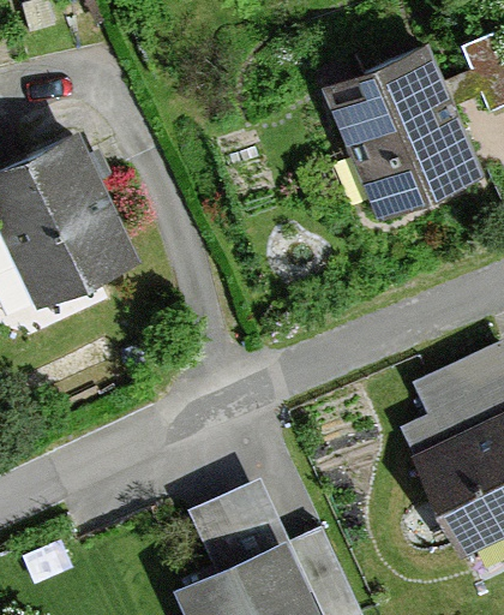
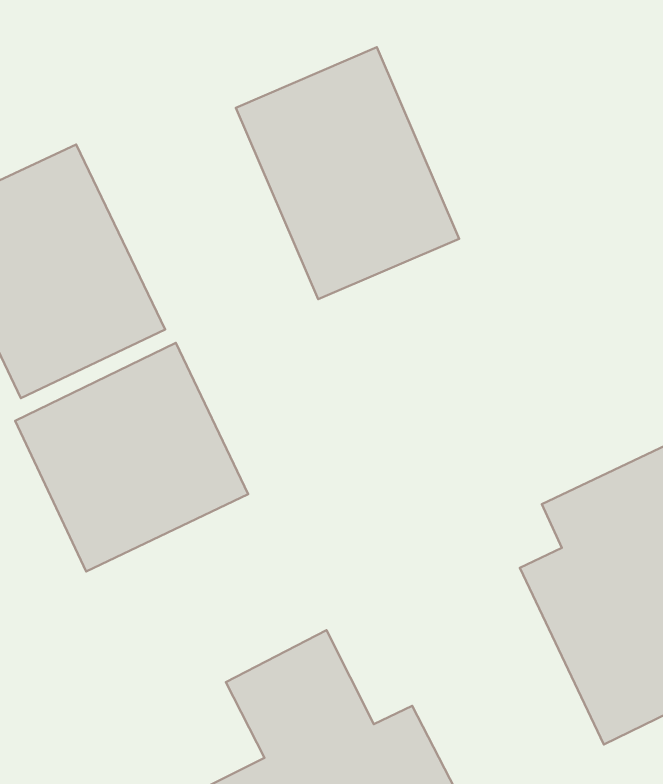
building: [326,43,486,223] -> [236,47,459,299]
building: none -> [15,343,248,572]

